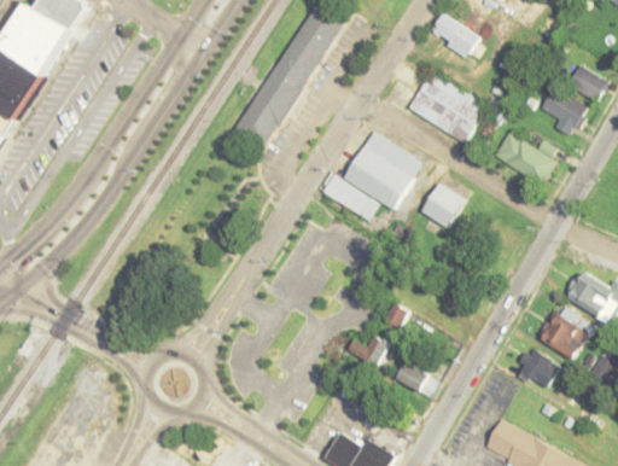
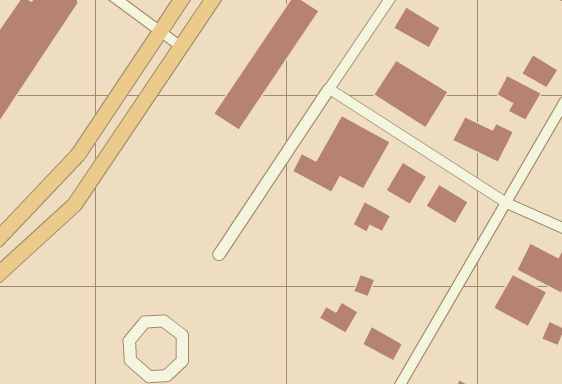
building: none -> [426,184,468,224]
building: none -> [353,202,390,232]
building: [513,346,559,389] -> none

